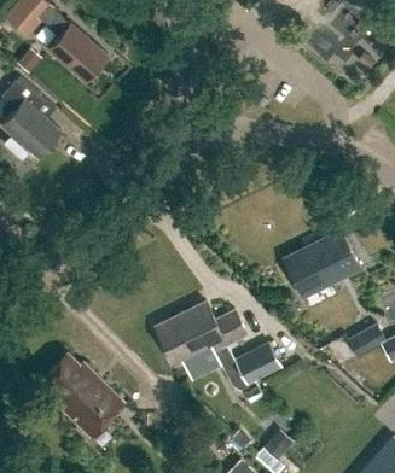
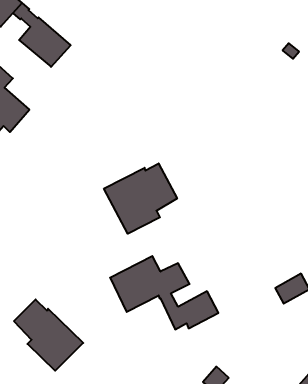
building: none -> [104,163,177,234]
building: [283,228,362,298] -> none

